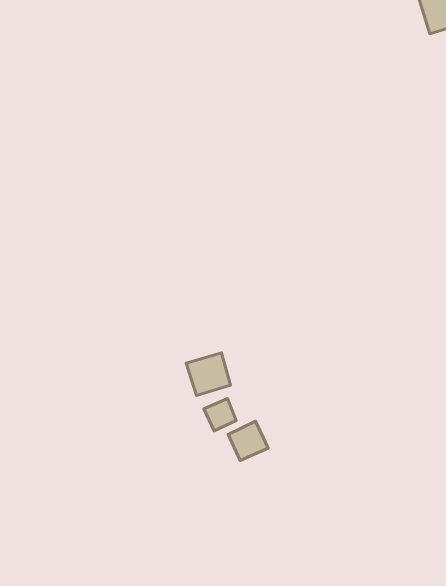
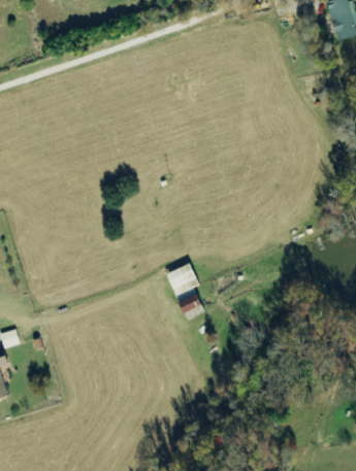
building: [228,421,268,461] -> none

